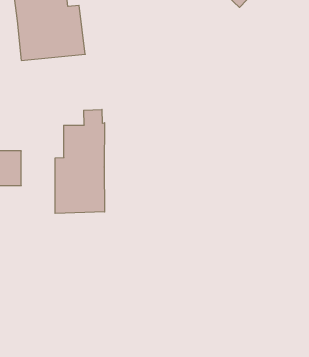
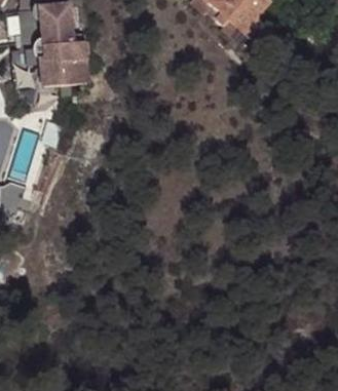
building: [55,109,105,213] -> none

